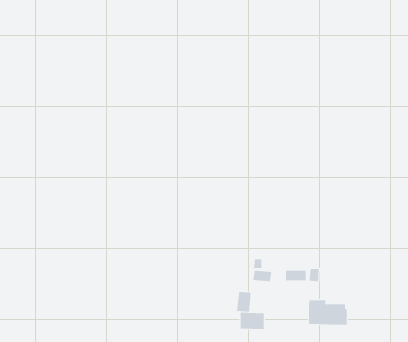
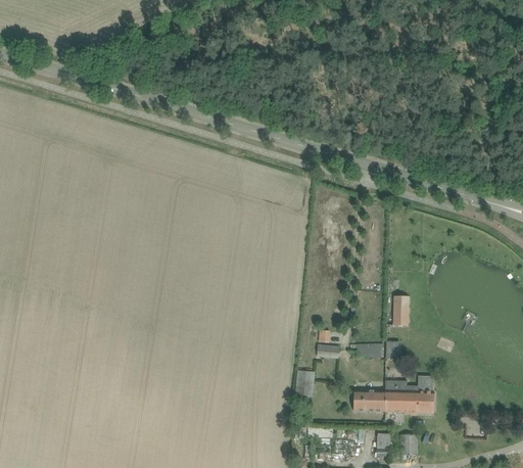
building: none -> [390,294,408,325]
building: [240,312,264,330] -> [354,389,385,411]

